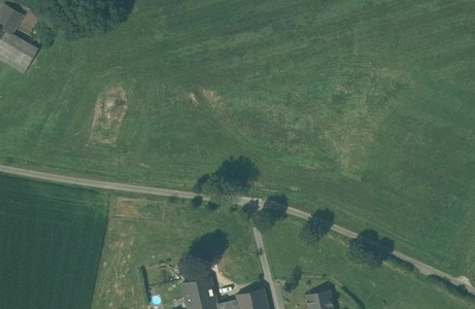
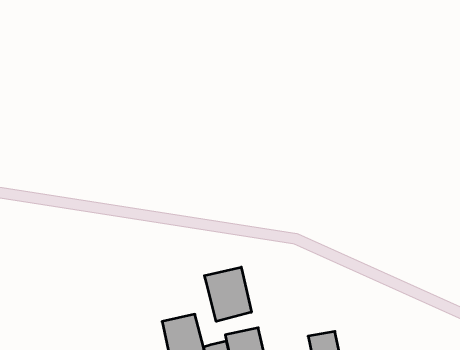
building: none -> [204,267,251,321]

